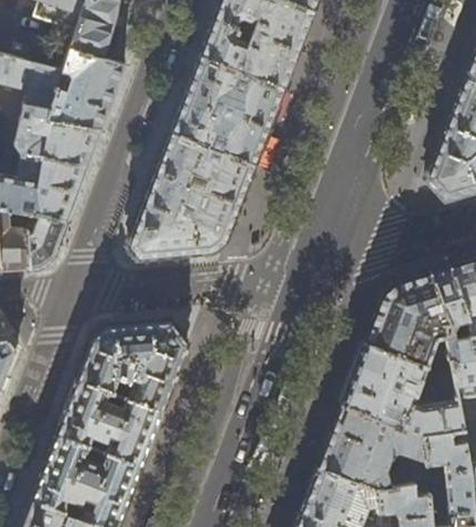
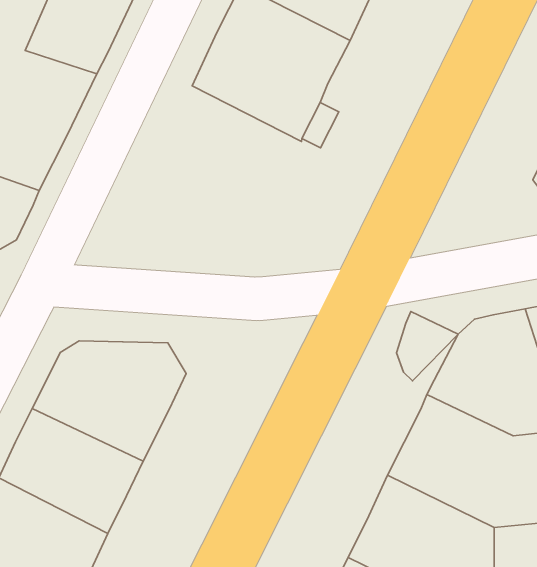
building: [129,133,256,258] -> none
building: none -> [396,312,458,381]

